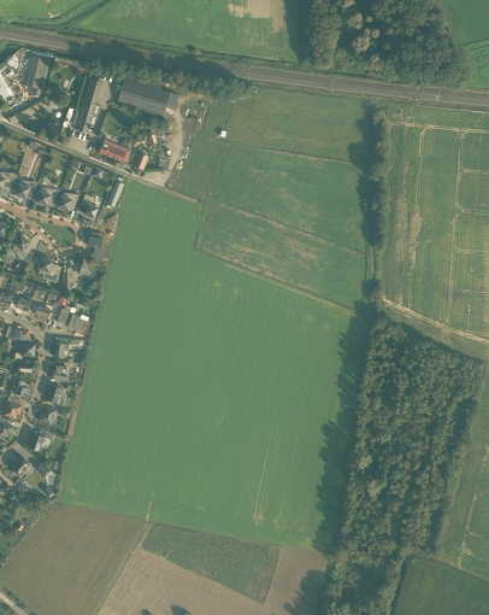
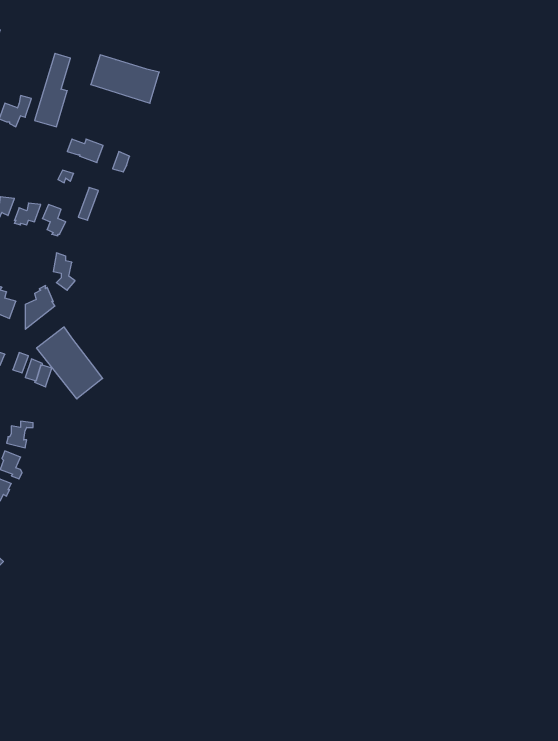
building: none -> [37,327,103,399]

